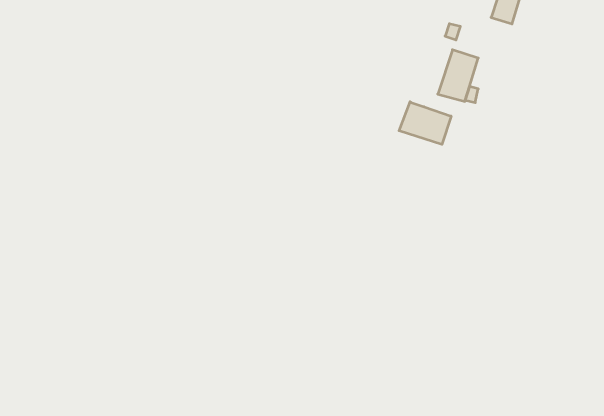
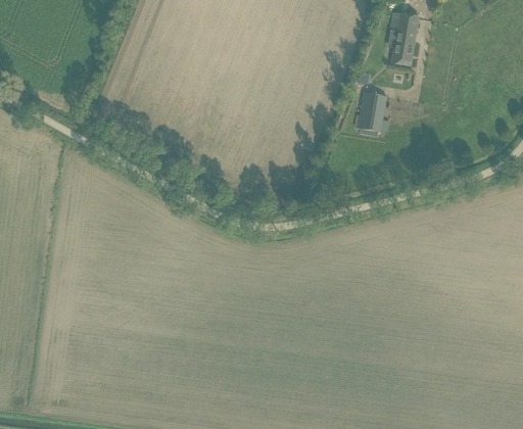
building: [399,102,451,144] -> none

